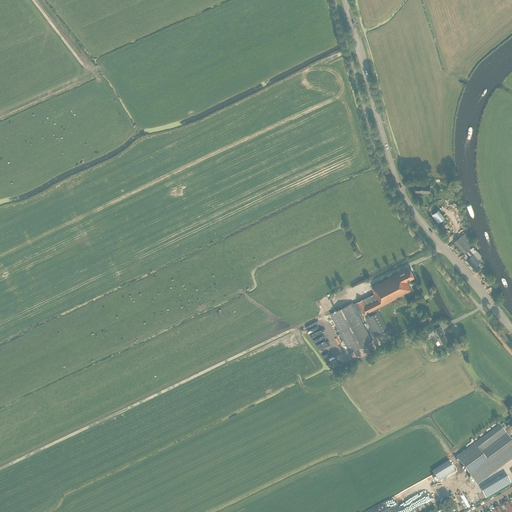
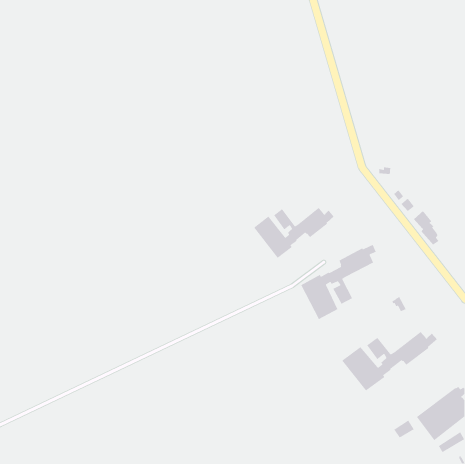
building: none -> [253,207,335,259]
building: none -> [341,331,438,392]

